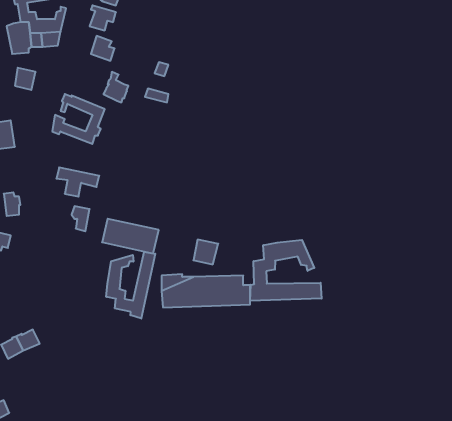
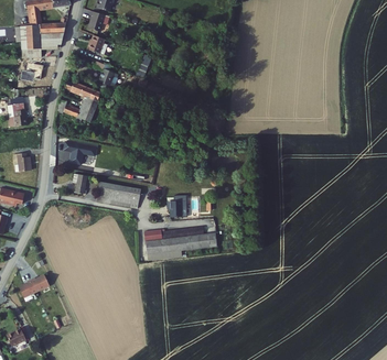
building: [250,240,322,301] -> none
building: [106,252,155,319] -> none

